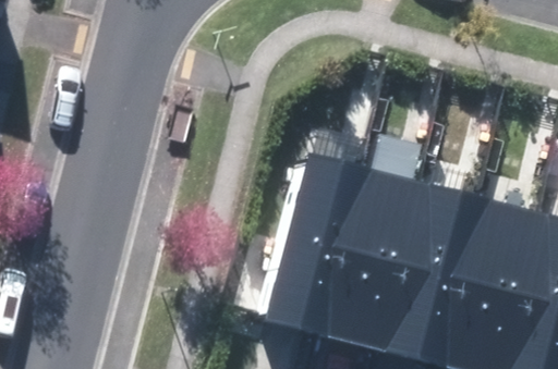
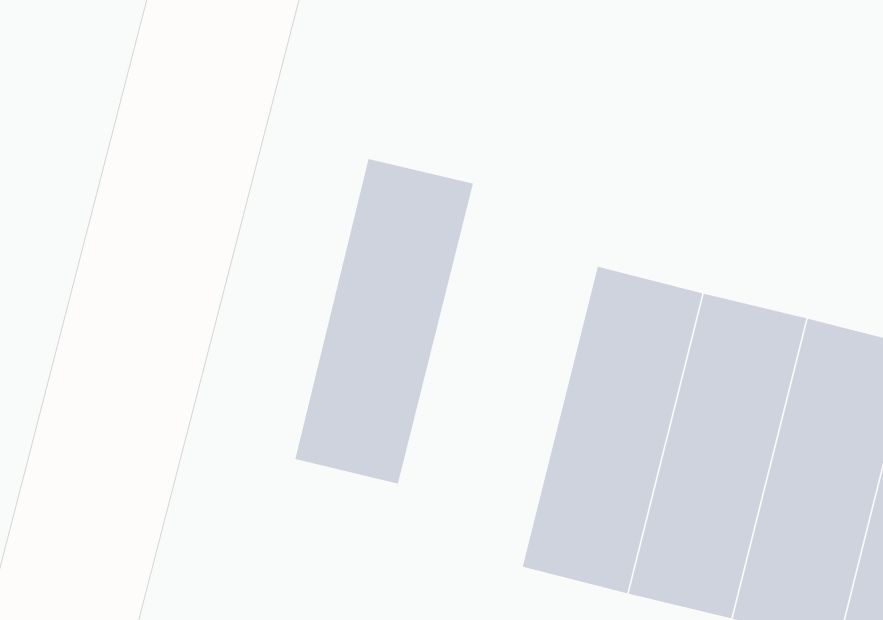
building: [266,153,367,337] -> [295,159,474,484]

